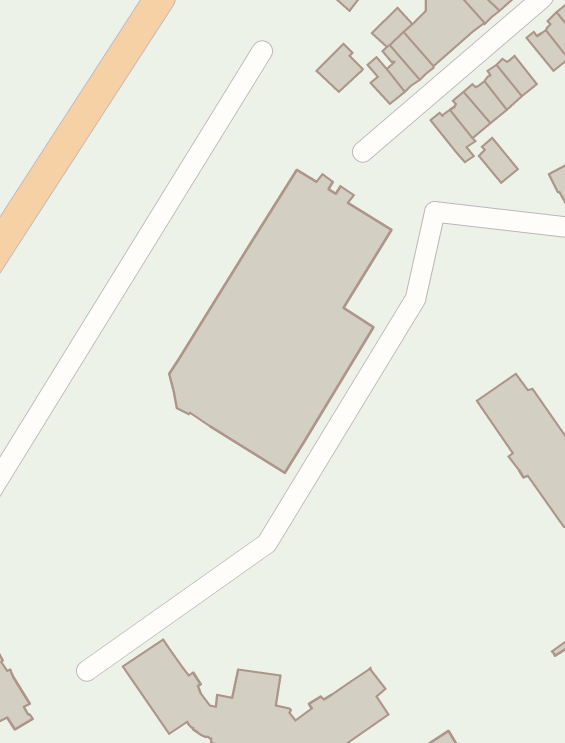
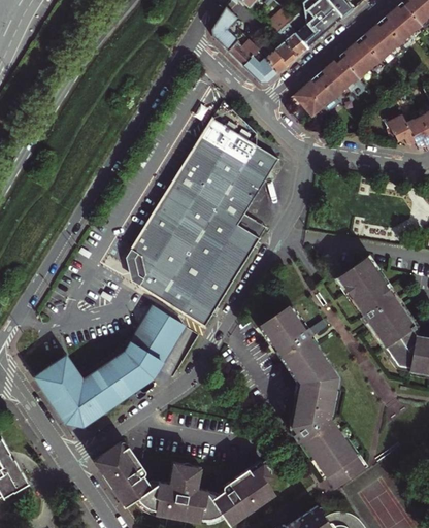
building: none -> [211,7,245,51]
building: none -> [363,28,390,60]
building: none -> [242,51,277,82]
building: [479,138,518,183] -> [296,85,323,116]
building: none -> [260,305,364,484]
building: none -> [38,308,185,426]

